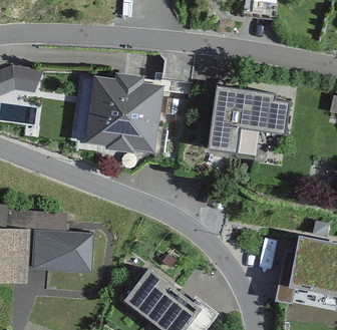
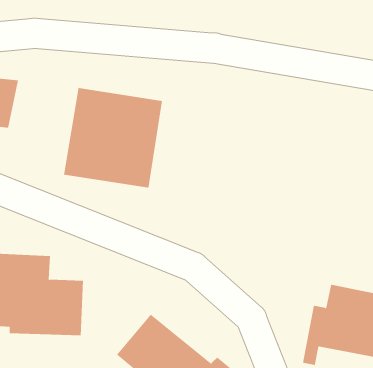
building: [205,85,287,155] -> none

